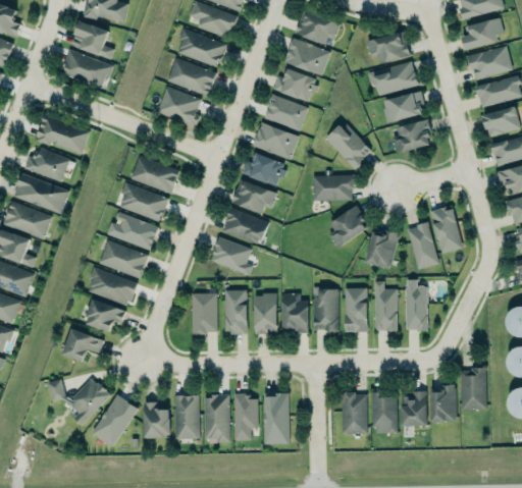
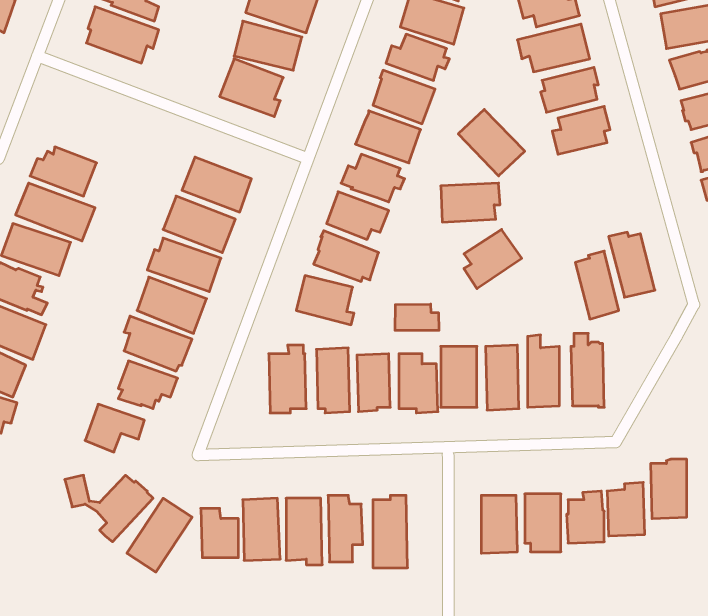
building: [36,114,90,154] -> none
building: [366,231,397,268] -> none
building: none -> [395,304,439,330]

